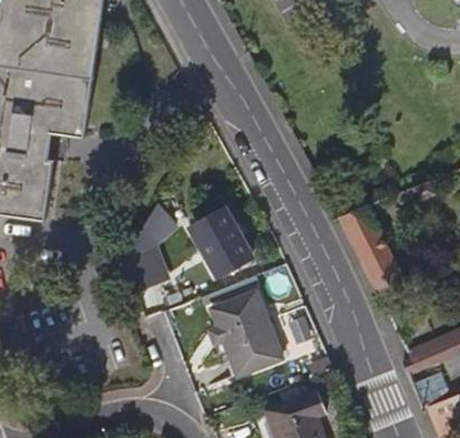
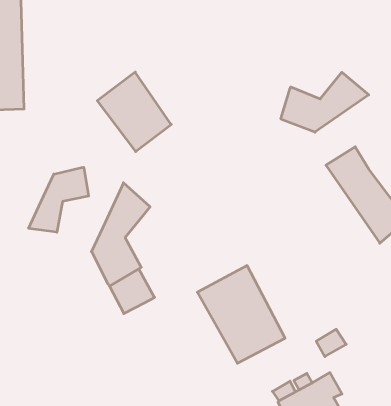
building: none -> [281,72,369,132]
building: none -> [29,167,89,232]
building: [191,208,252,277] -> [97,72,171,152]

